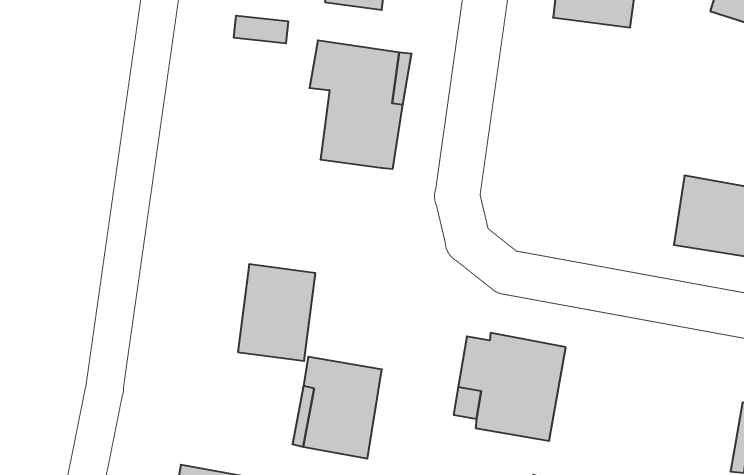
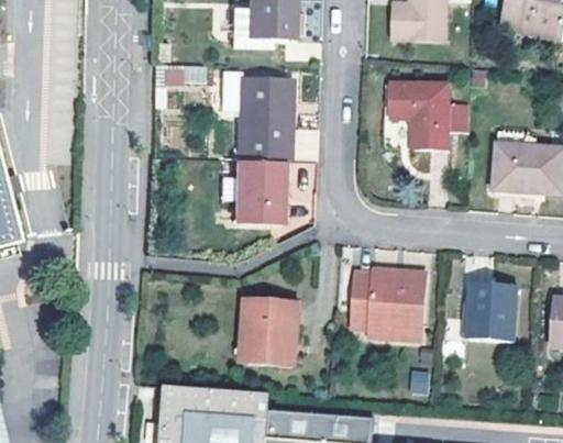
building: none -> [389,82,468,149]
building: [238,264,315,361] -> [233,158,282,222]
building: none -> [465,280,515,340]

